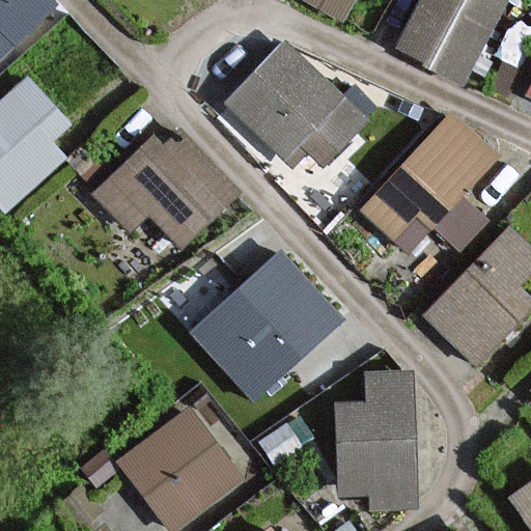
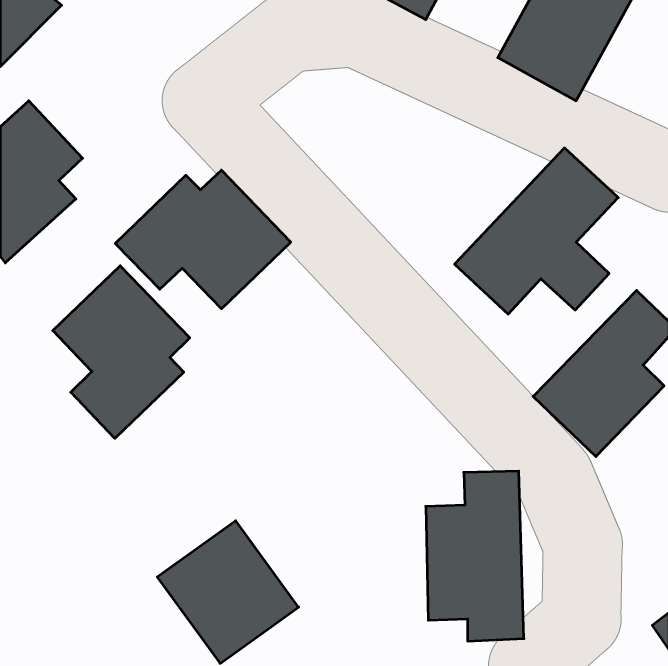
building: [223,44,361,164] -> none
building: none -> [53,266,190,438]
building: [196,253,341,396] -> none

